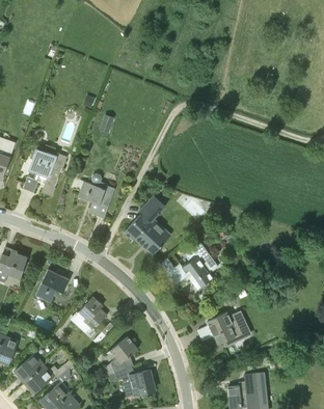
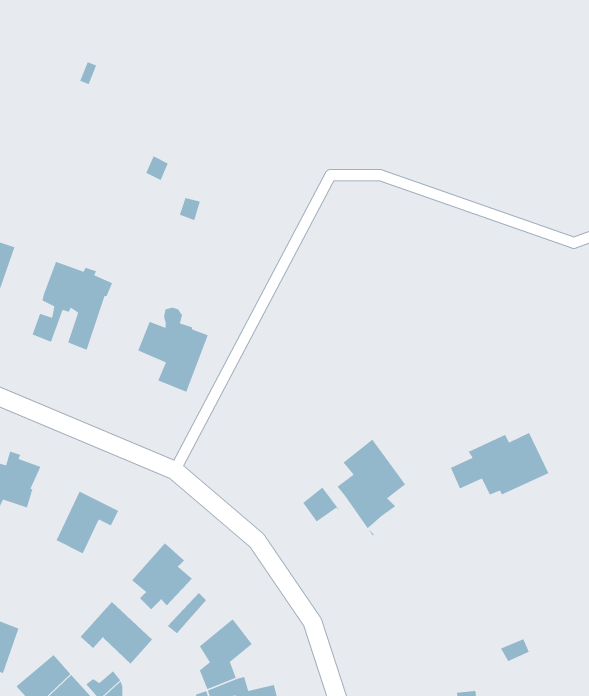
building: [124,196,171,255] -> none
building: [197,311,249,345] -> [450,432,549,496]
building: none -> [80,601,153,664]

